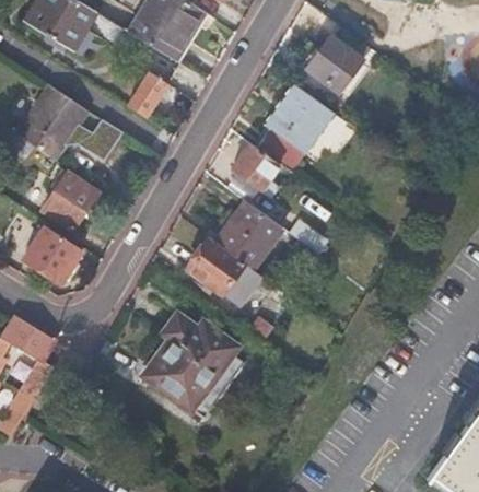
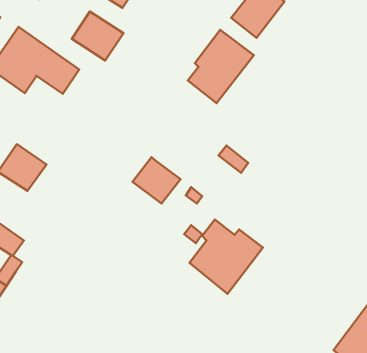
building: [231,144,279,199] -> none
building: [40,179,96,236] -> none
building: [214,203,281,271] -> none
building: [148,317,236,407] -> [189,220,263,294]

